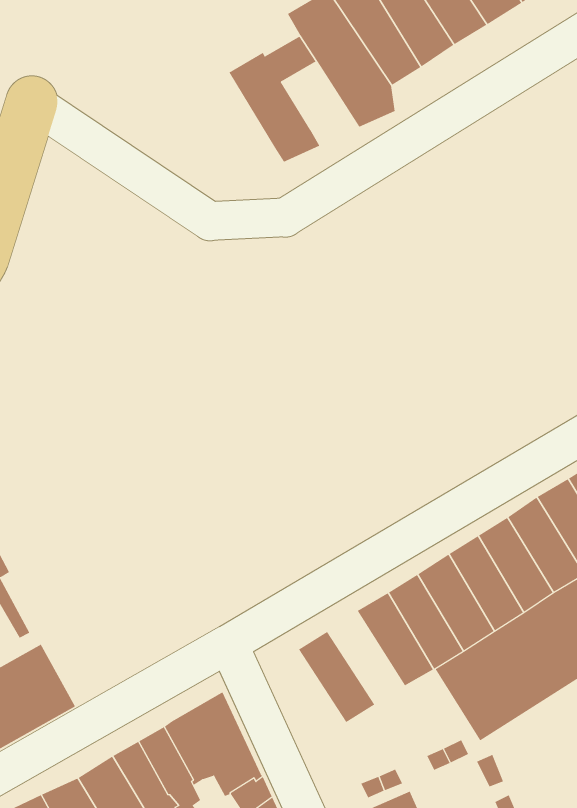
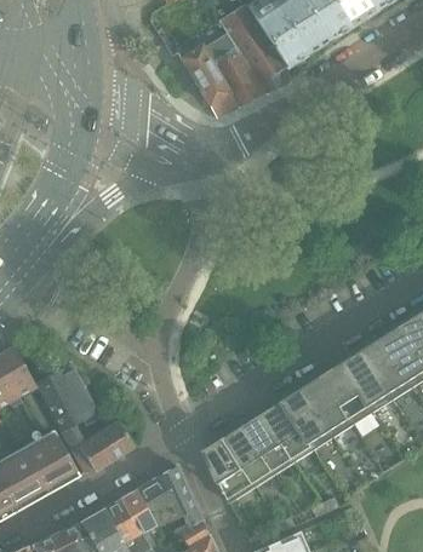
building: none -> [215,50,265,105]
building: none -> [34,362,133,472]
building: none -> [245,412,296,473]
building: none -> [206,437,257,502]

